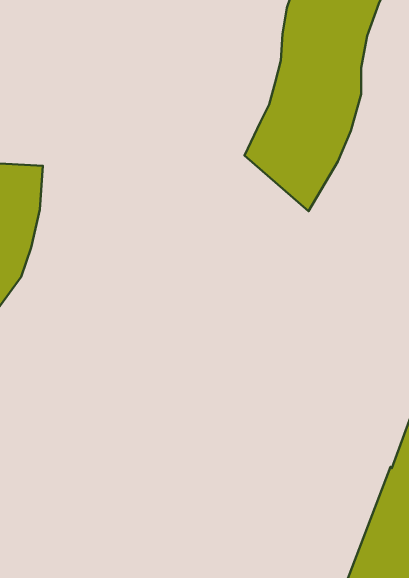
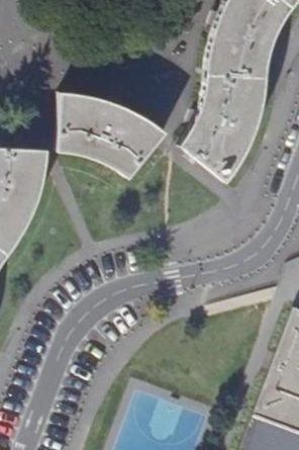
building: none -> [60,94,166,177]

